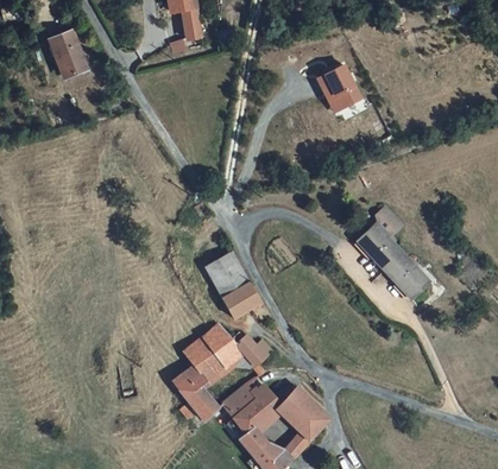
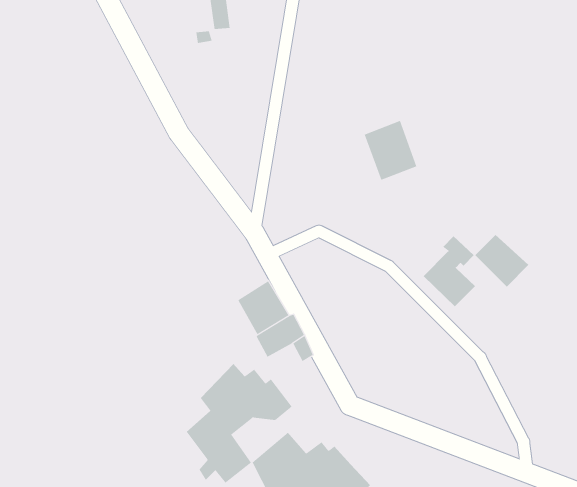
building: [50,31,89,76] -> none
building: [315,61,360,112] -> [364,120,417,181]
building: [392,256,439,302] -> [475,234,529,287]

